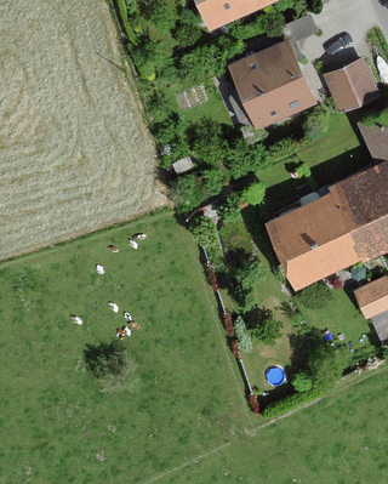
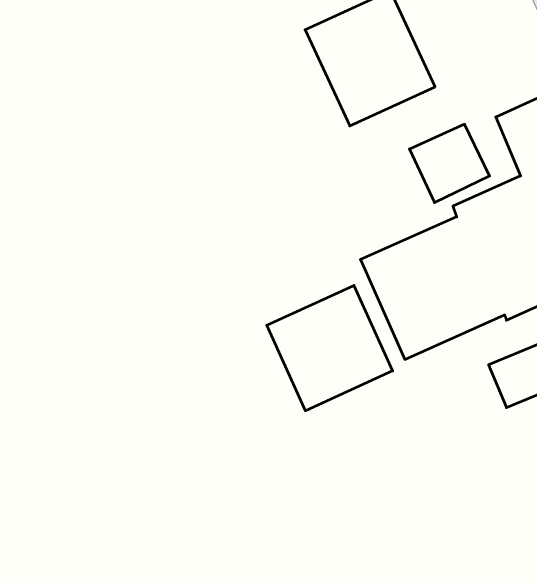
building: [323,59,377,113] -> [409,124,490,203]
building: none -> [267,285,393,411]

